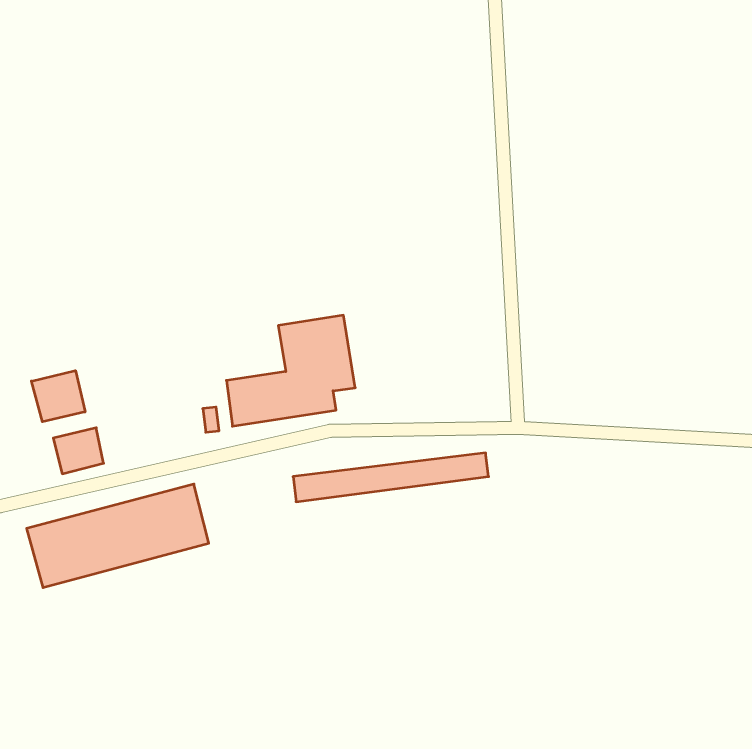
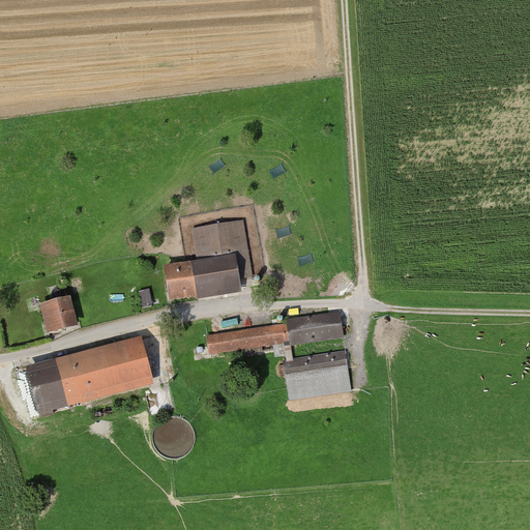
building: [31,371,85,422] -> none
building: none -> [286,353,352,398]

